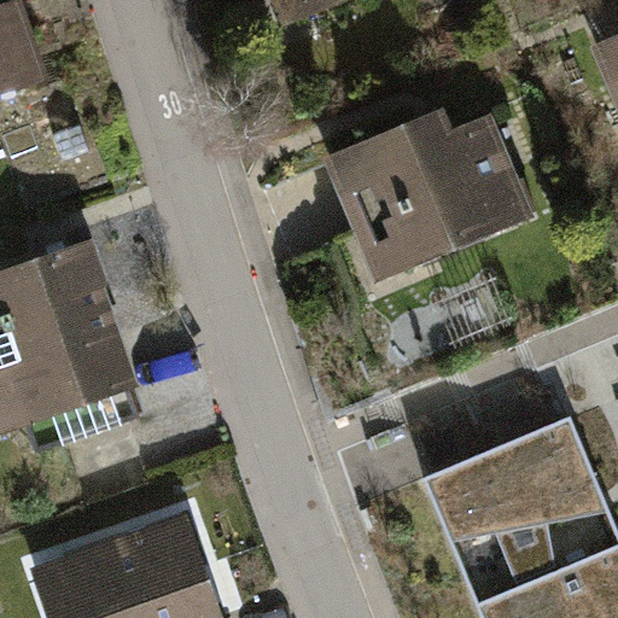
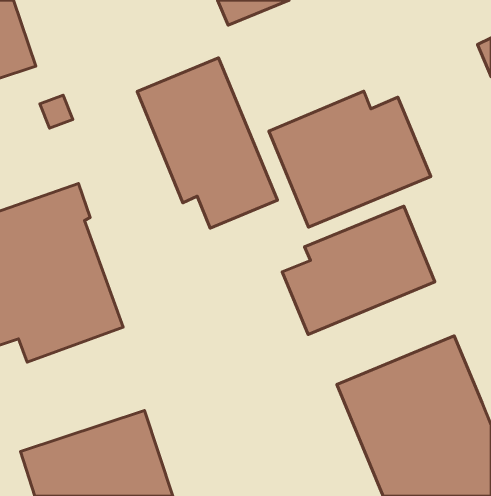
building: none -> [137,58,278,228]
building: none -> [282,206,435,335]

